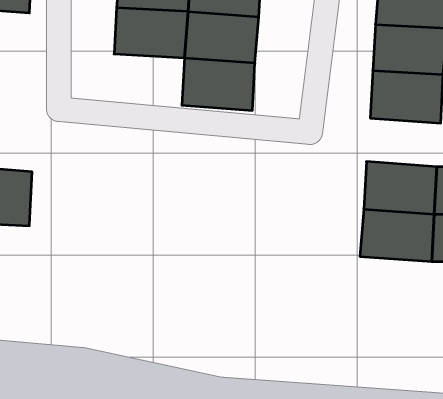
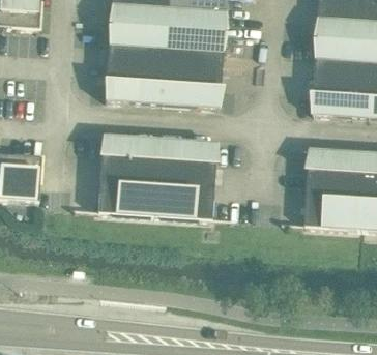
building: none -> [105,61,164,102]
building: none -> [96,134,216,218]

